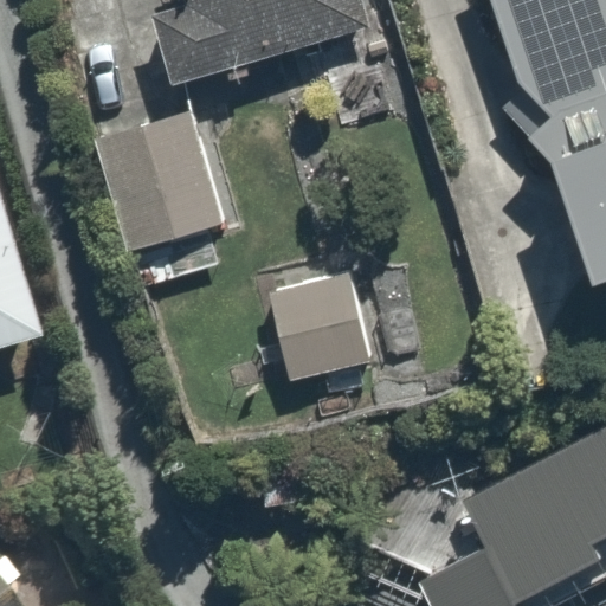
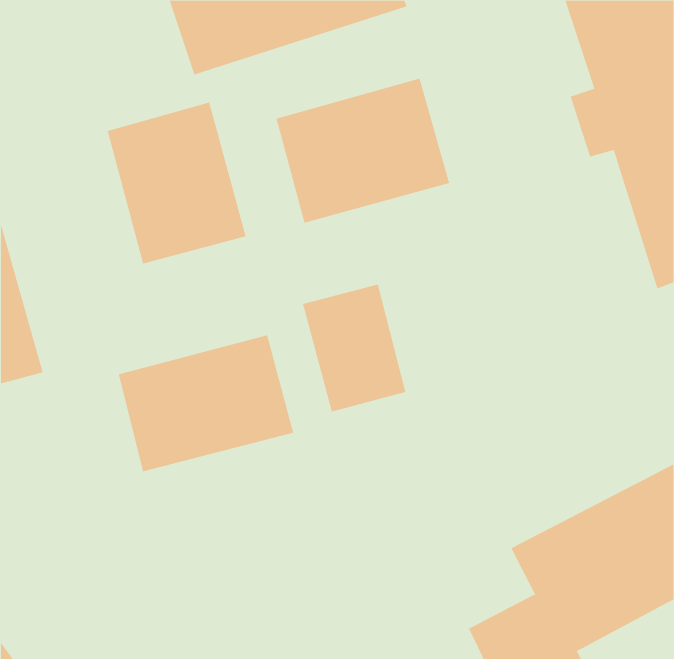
building: none -> [276,78,450,224]
building: none -> [118,334,294,472]

